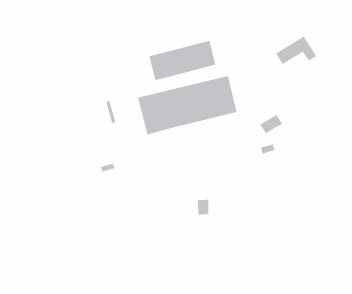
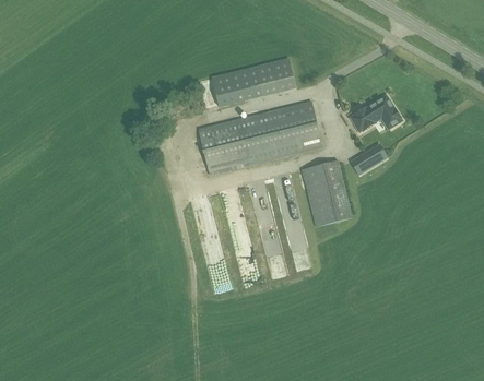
building: [275,36,317,65] -> [349,95,401,131]
building: none -> [300,160,351,226]

